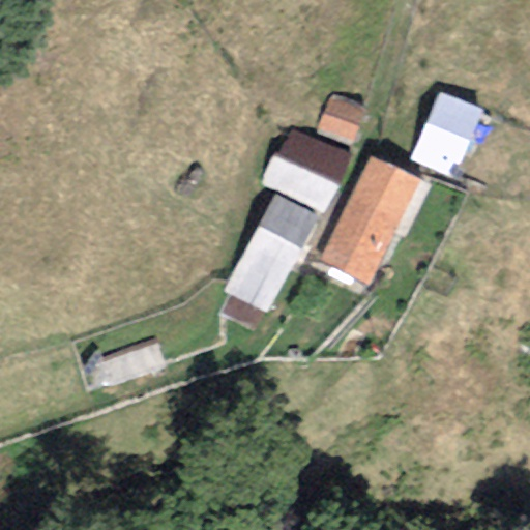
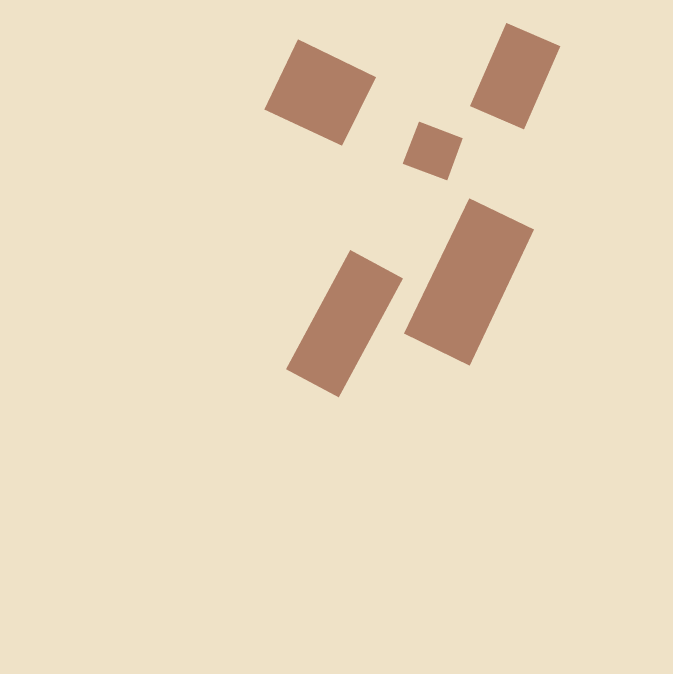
building: [411,92,483,177] -> [469,22,561,130]
building: [262,126,351,211] -> [263,38,377,147]

